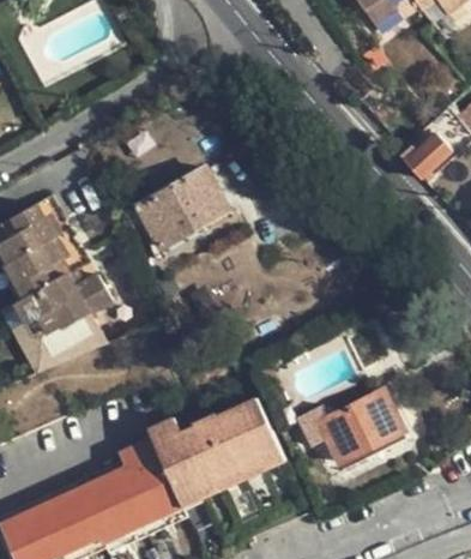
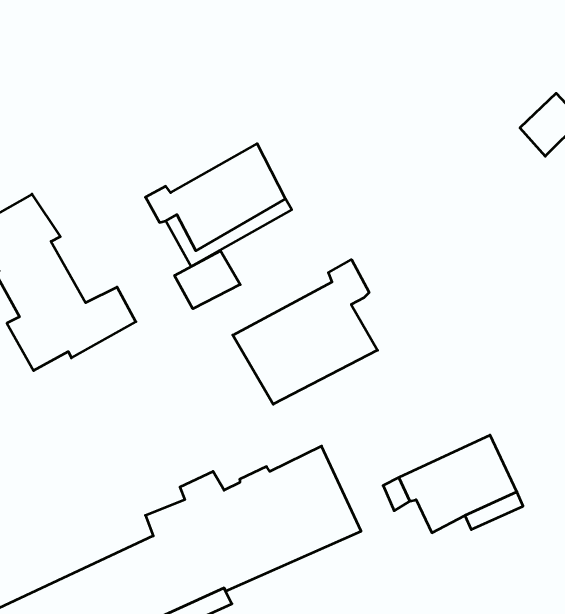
building: none -> [175,251,240,309]
building: none -> [233,260,378,404]

